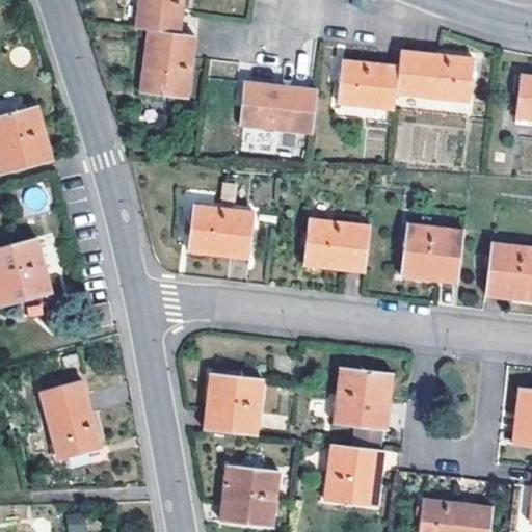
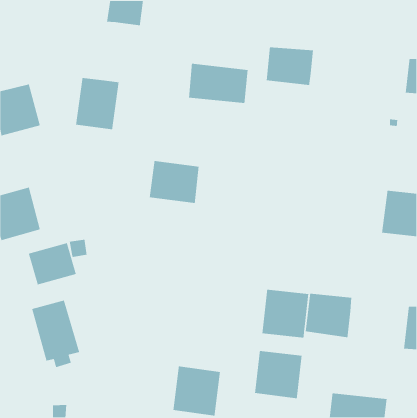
building: [138,29,194,97] -> [75,77,119,130]
building: [396,49,471,101] -> none
building: [302,218,370,273] -> none
building: [400,223,464,283] -> none
building: none -> [28,242,77,286]
building: none -> [305,293,352,338]
building: [203,374,263,435] -> none

